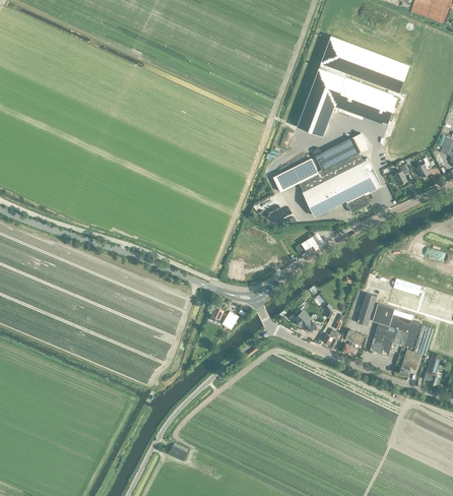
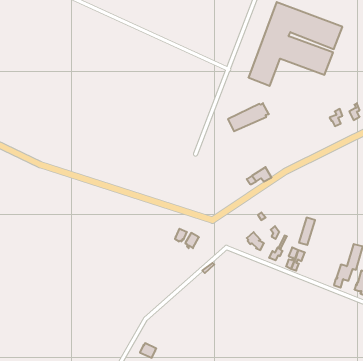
building: [314,137,359,171] -> none
building: [303,160,376,215] -> none
building: [369,304,419,355] -> none

